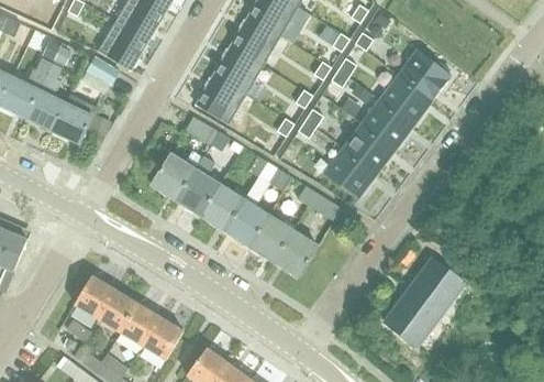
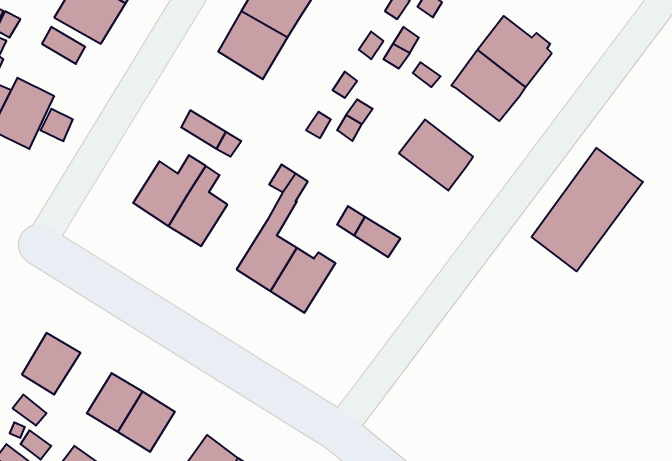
building: [196,75,245,124] -> none
building: [360,99,413,150] -> none
building: [323,148,377,198] -> none
building: [201,184,248,230] -> none
building: [275,231,318,276] -> none
building: [386,259,465,347] -> [532,148,643,271]
building: [97,290,137,332] -> none

